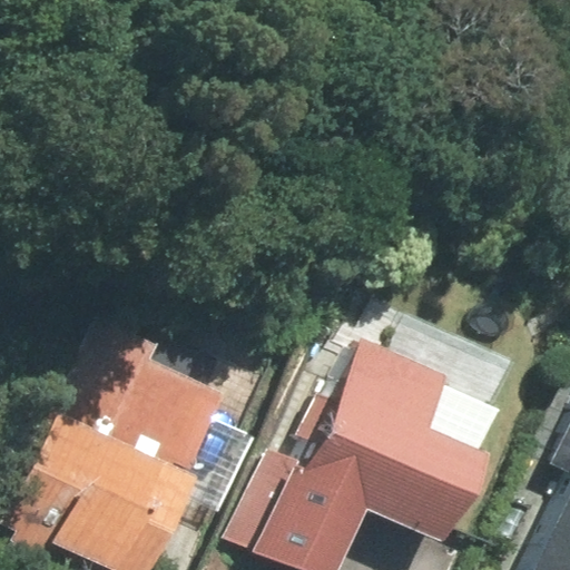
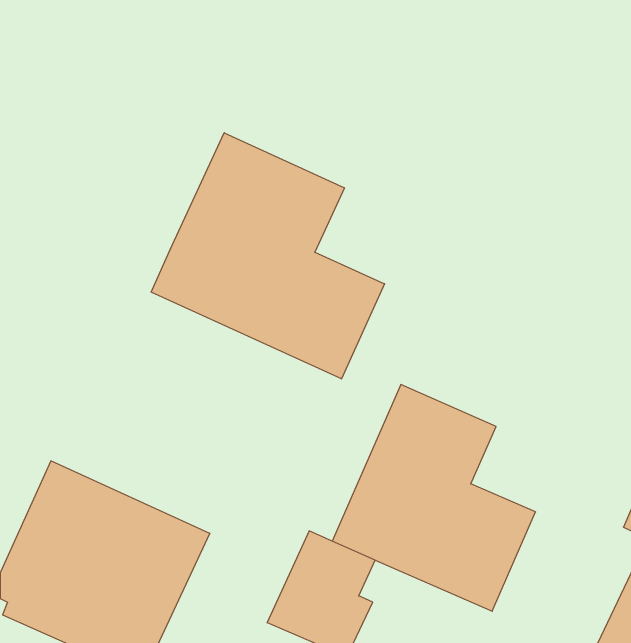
building: none -> [151,133,385,379]
building: [61,323,232,473] -> none

